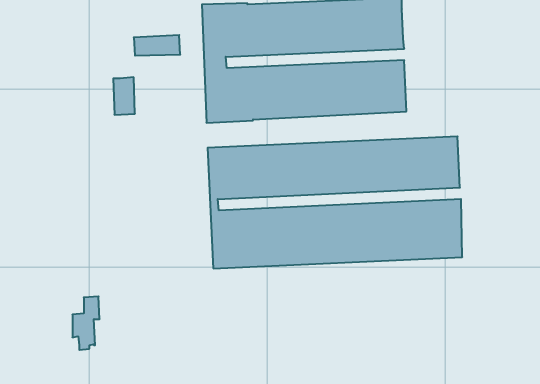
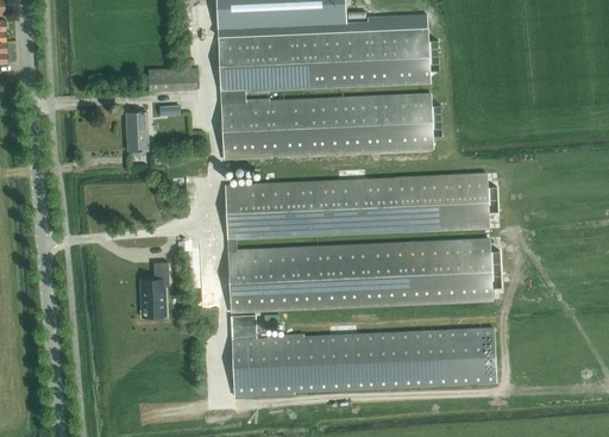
building: none -> [230,314,496,395]
building: [72,296,100,350] -> [142,261,170,317]

